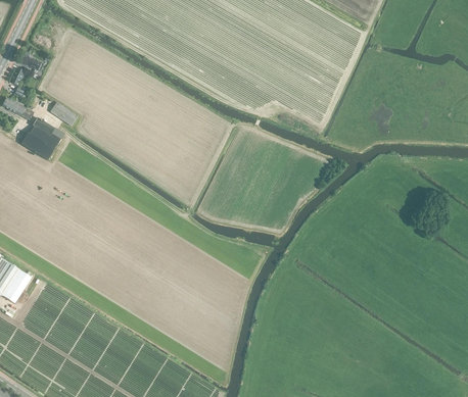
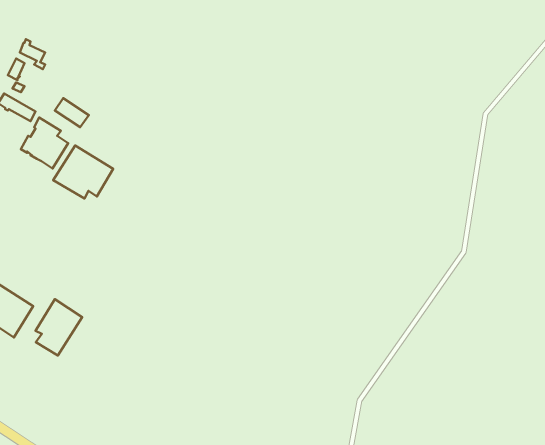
building: none -> [53,145,113,198]
building: none -> [36,299,82,356]

